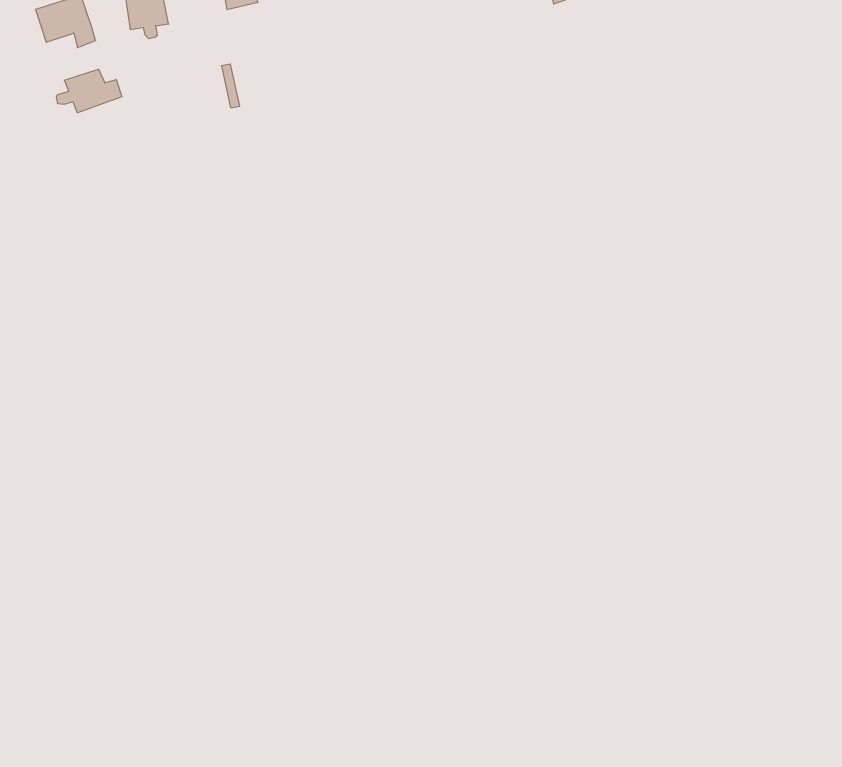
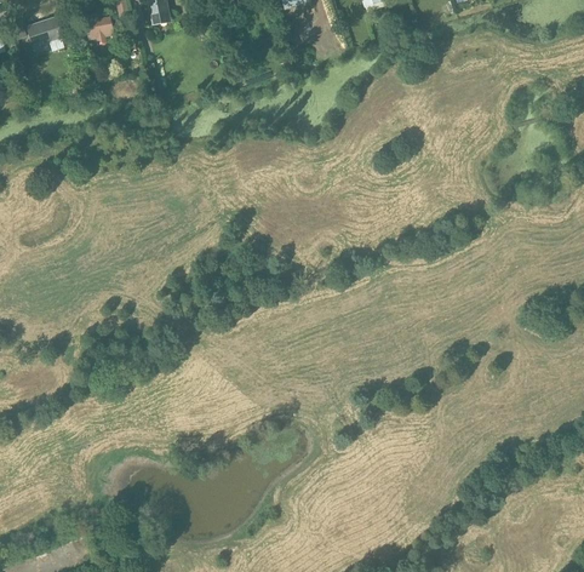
building: [56,69,122,113] -> none

